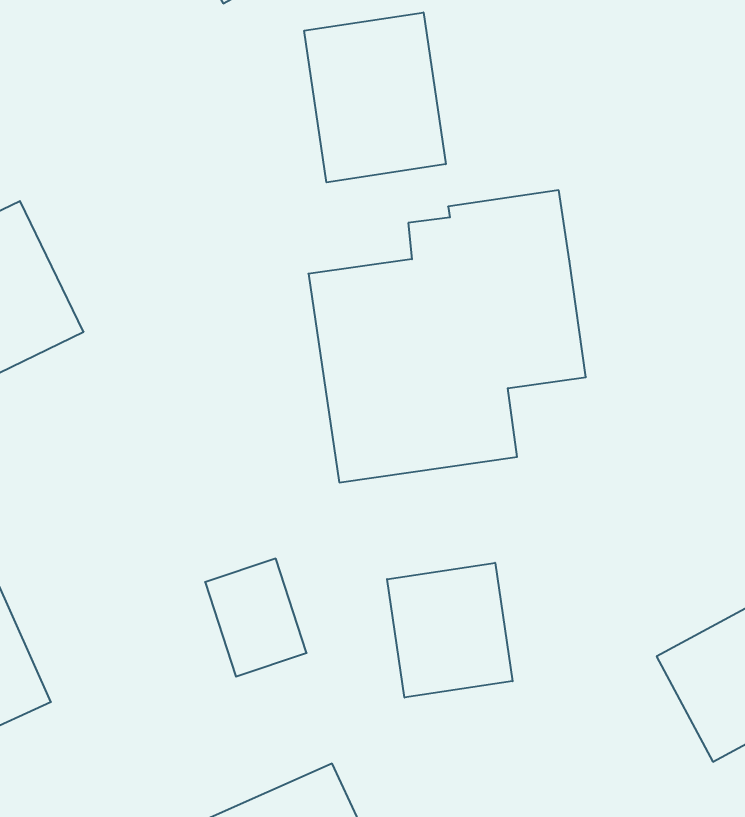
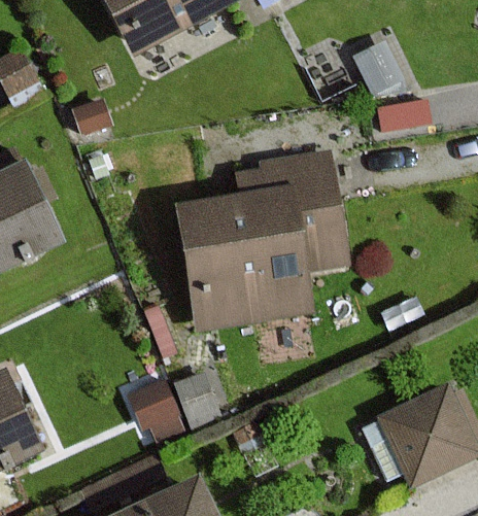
building: [304,12,446,182] -> none
building: [387,563,513,698] -> none

